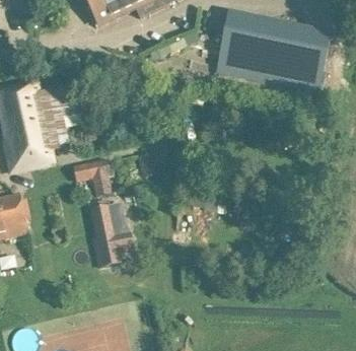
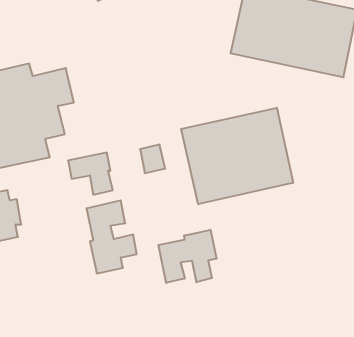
building: none -> [181,108,293,204]
building: none -> [159,230,217,283]

